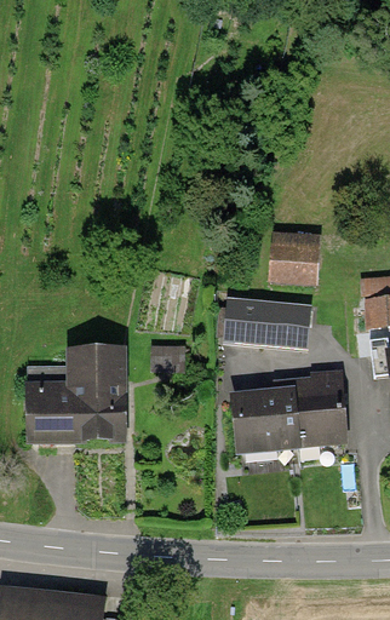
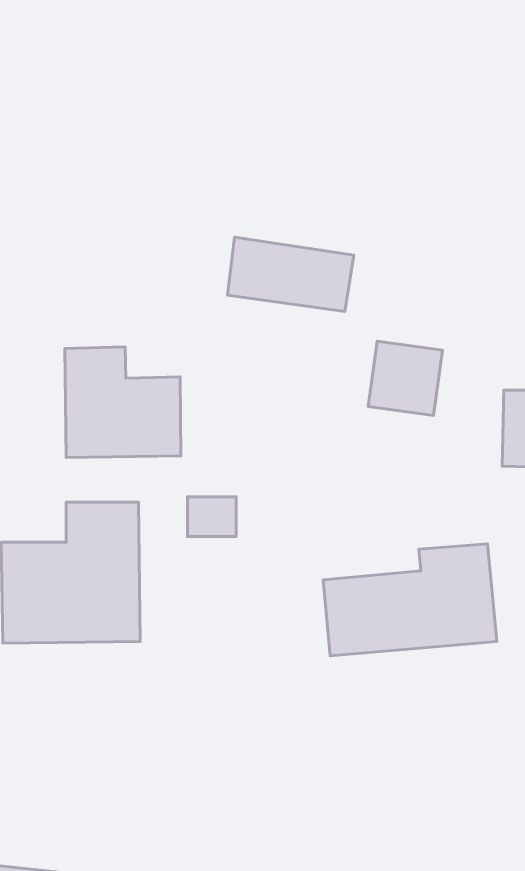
building: none -> [65,347,181,458]
building: [223,297,308,346] -> [227,237,354,311]

